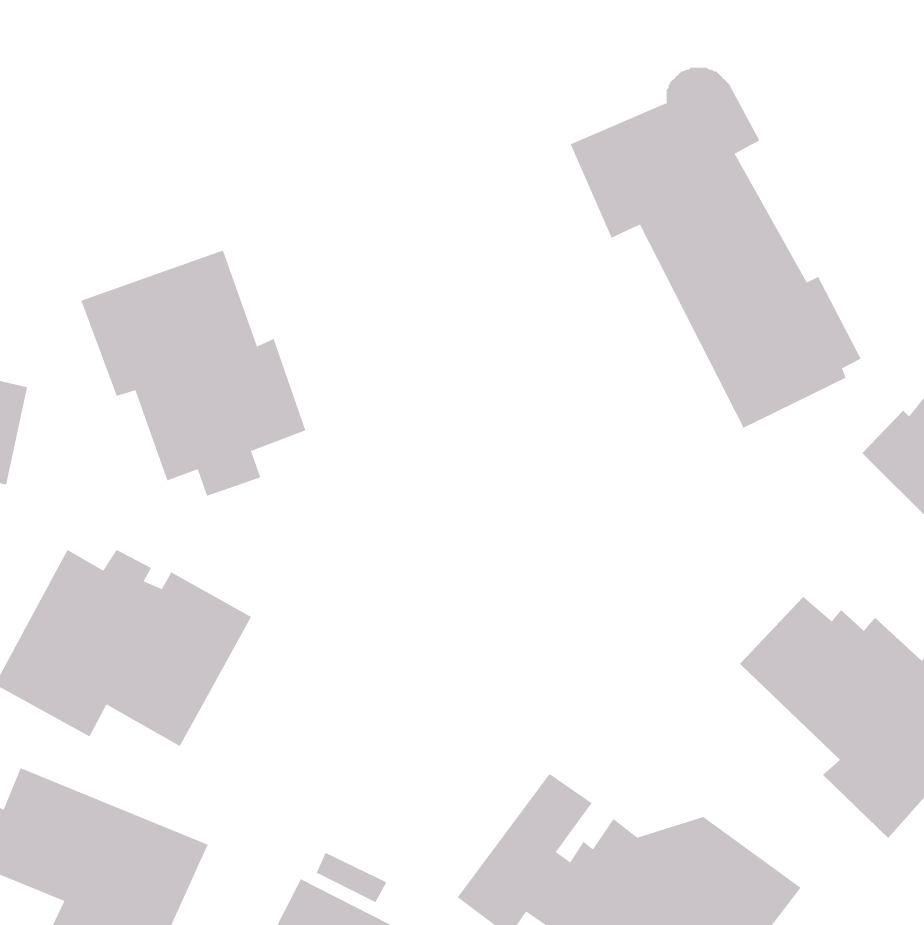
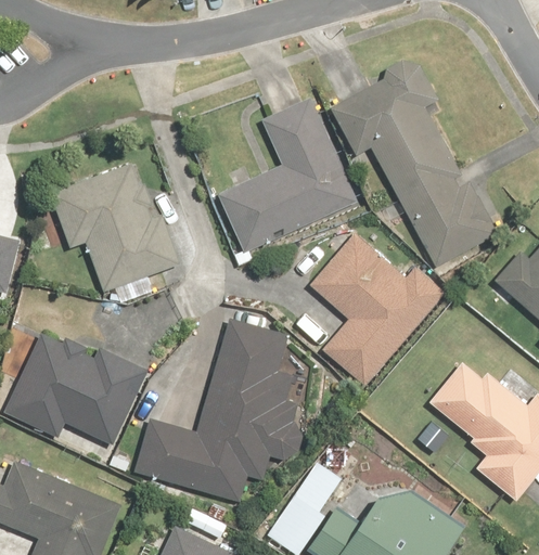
building: none -> [218,99,358,254]
building: none -> [311,235,445,389]
building: none -> [131,318,298,501]

